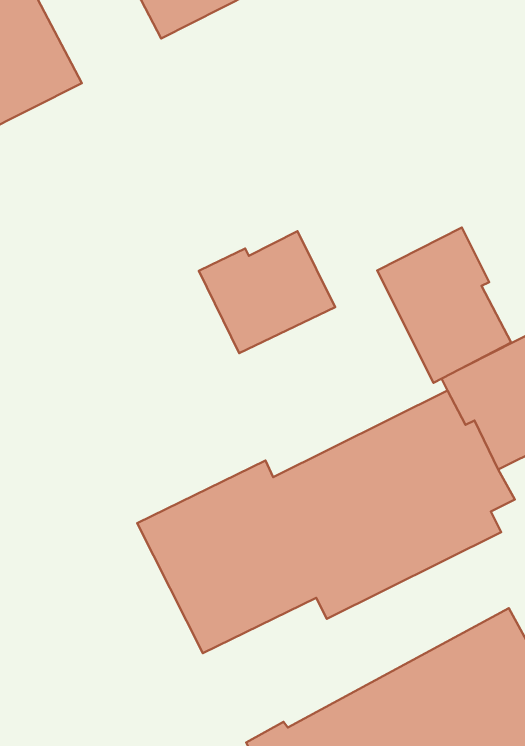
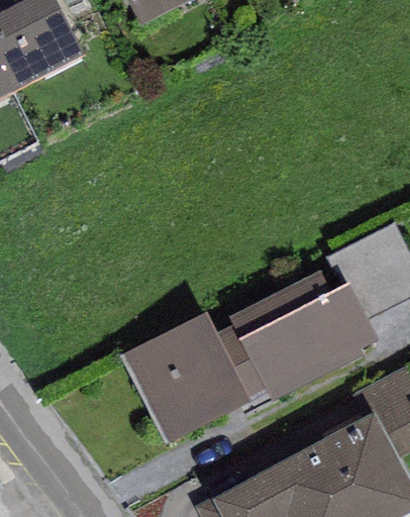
building: [377,228,511,383] -> none
building: [199,231,335,353] -> none

